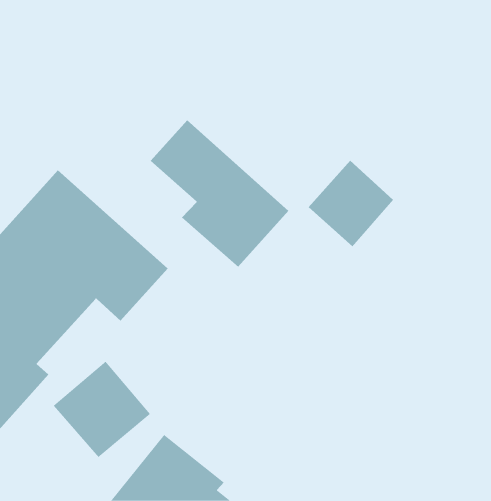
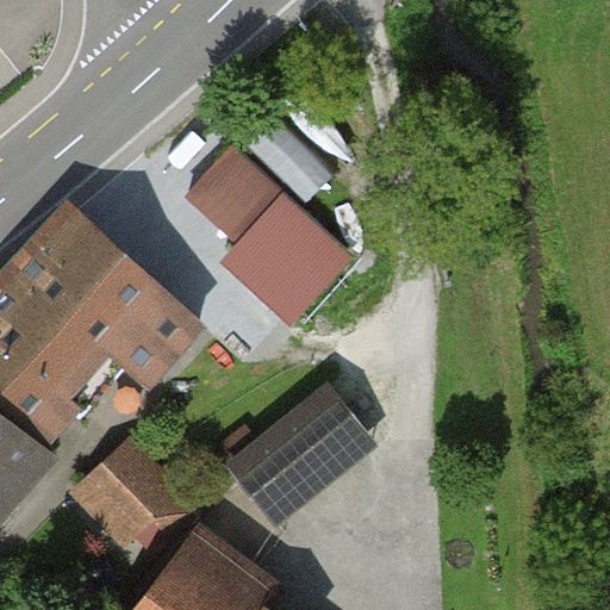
building: [308,160,394,247] -> none
building: none -> [223,372,387,528]

